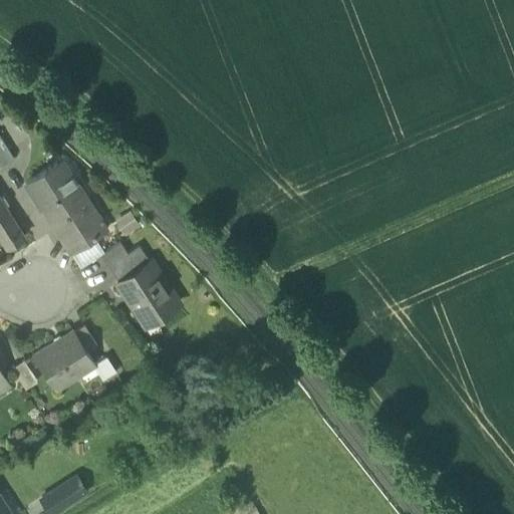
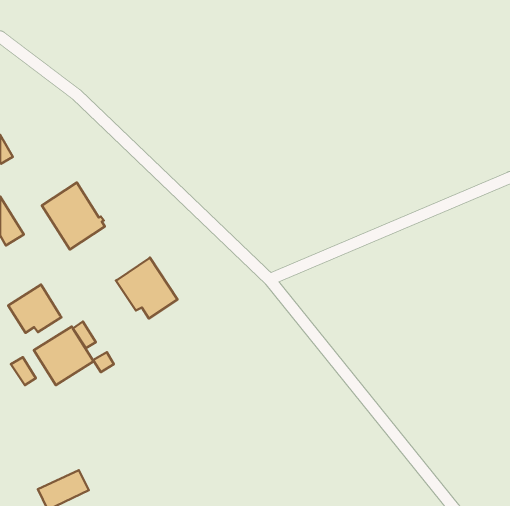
building: [27,165,77,211] -> none
building: [100,245,150,285] -> none
building: none -> [8,285,62,333]

